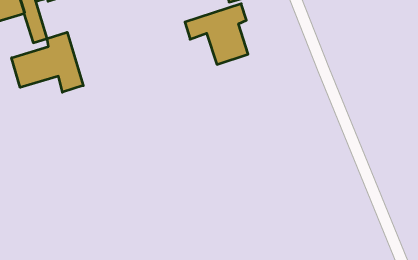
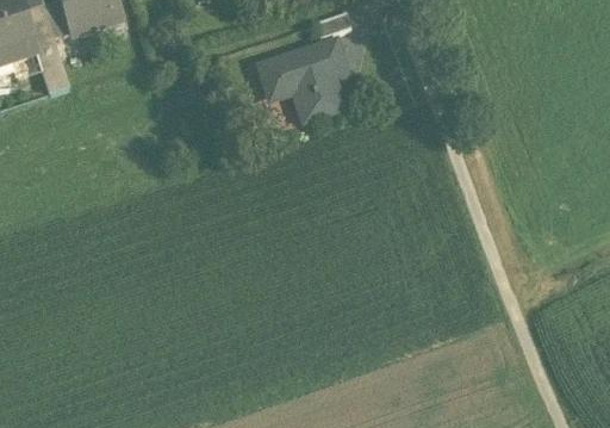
building: [12,32,83,92] -> none

